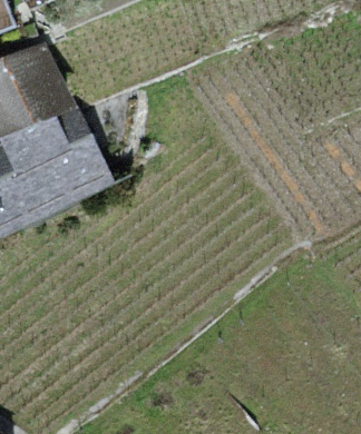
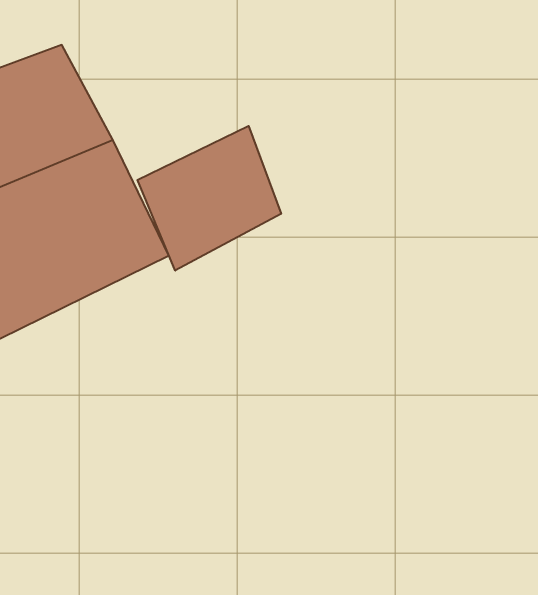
building: none -> [137,126,281,271]

